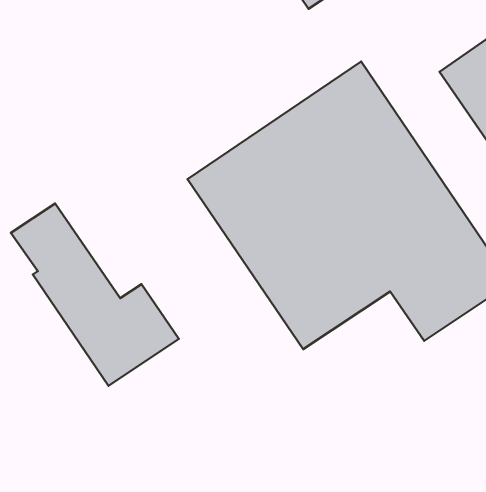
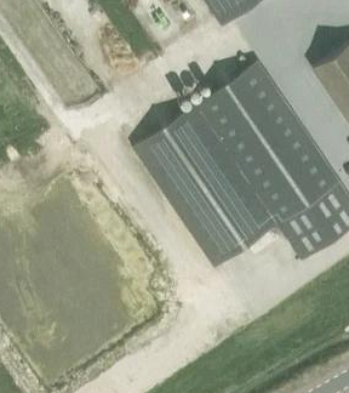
building: [11,203,179,386] -> none

